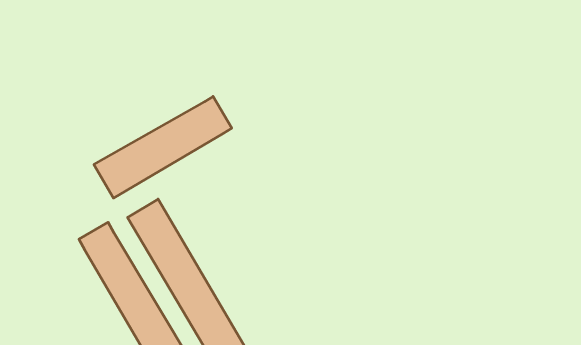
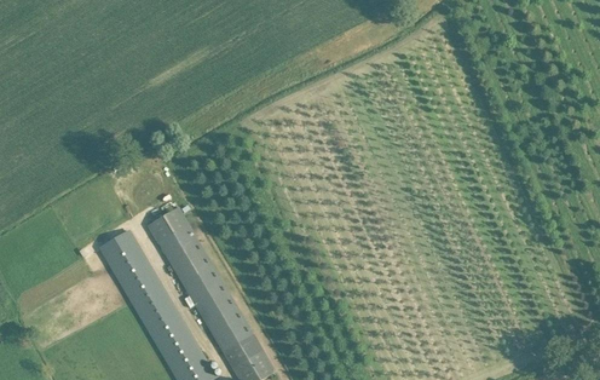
building: [94,96,232,198] -> none

